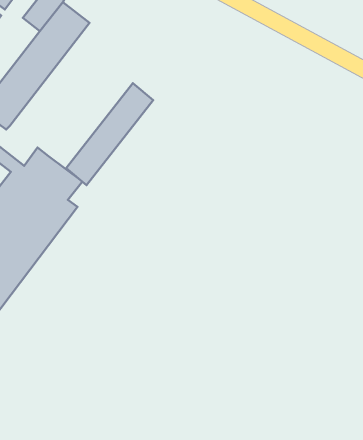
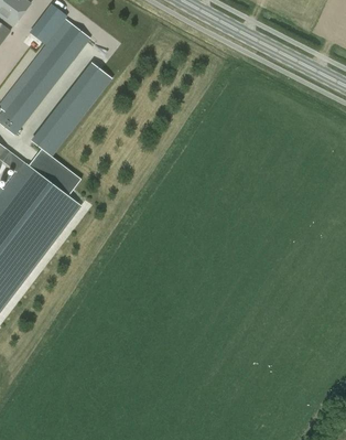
building: [66,83,153,185] -> [32,64,111,157]

